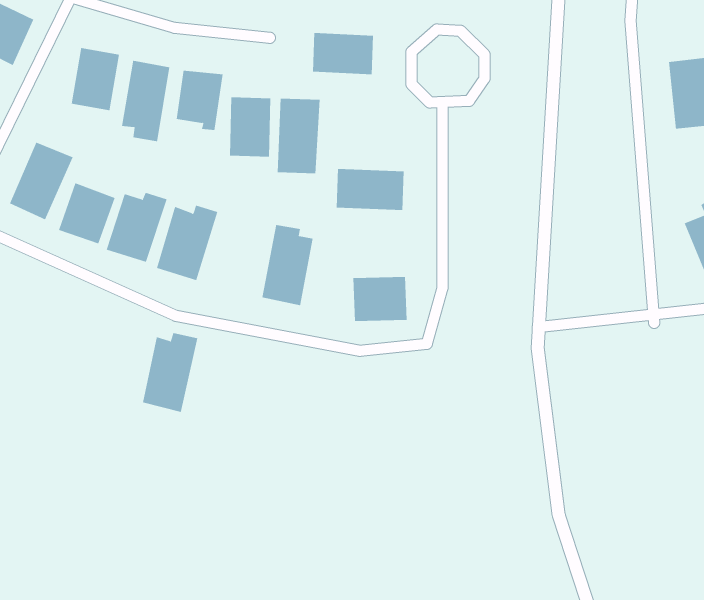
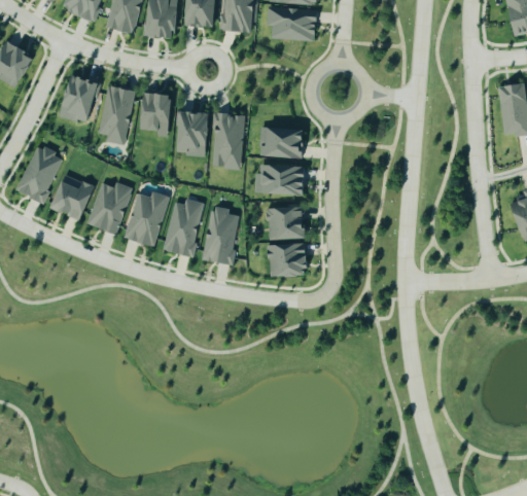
building: [312,33,374,75] -> [259,128,305,158]
building: none -> [268,207,305,240]
building: [142,332,198,412] -> [163,199,204,257]

